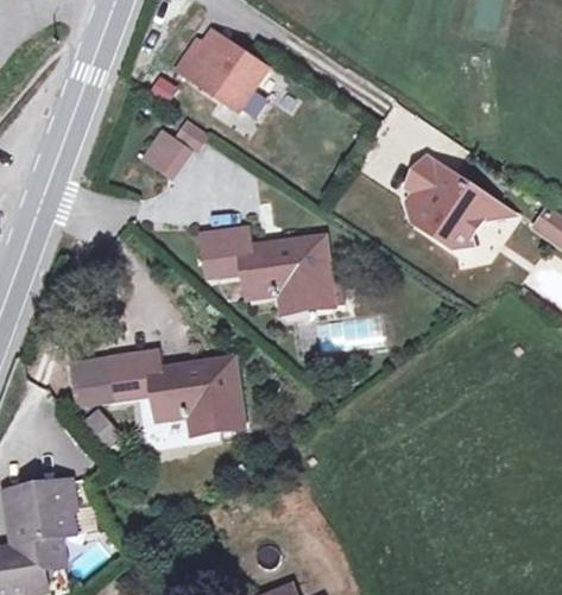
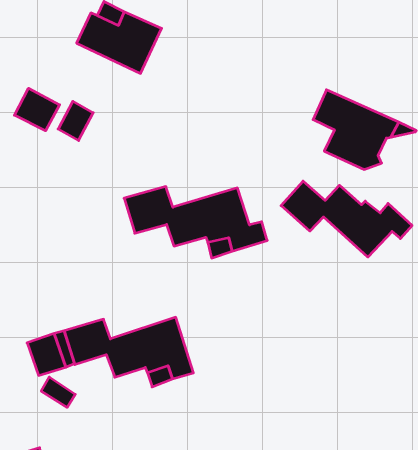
building: none -> [14,88,60,131]
building: none -> [281,181,412,257]

